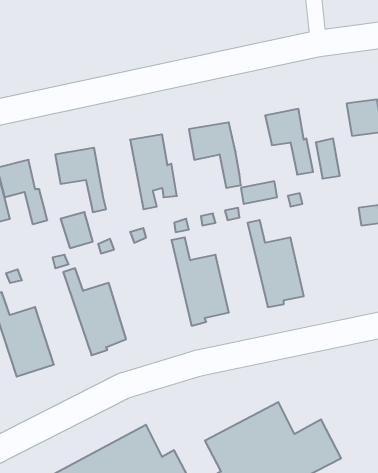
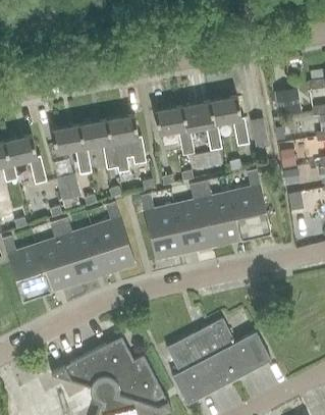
building: none -> [184,101,221,151]
building: none -> [82,119,118,169]
building: none -> [231,169,271,239]
building: none -> [174,183,214,251]
building: none -> [93,202,136,271]
building: none -> [37,220,79,291]

